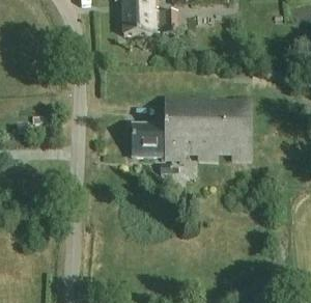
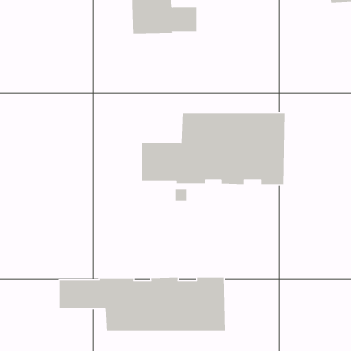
building: none -> [59,277,225,332]

